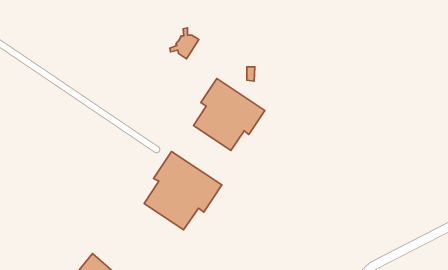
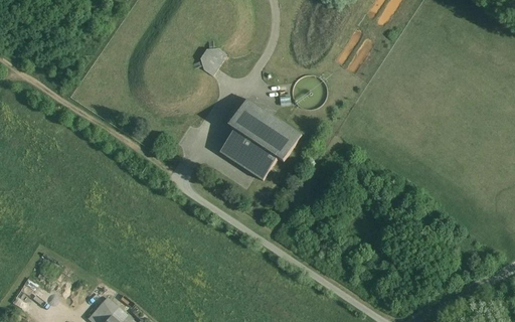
building: [144,151,222,230] -> none

